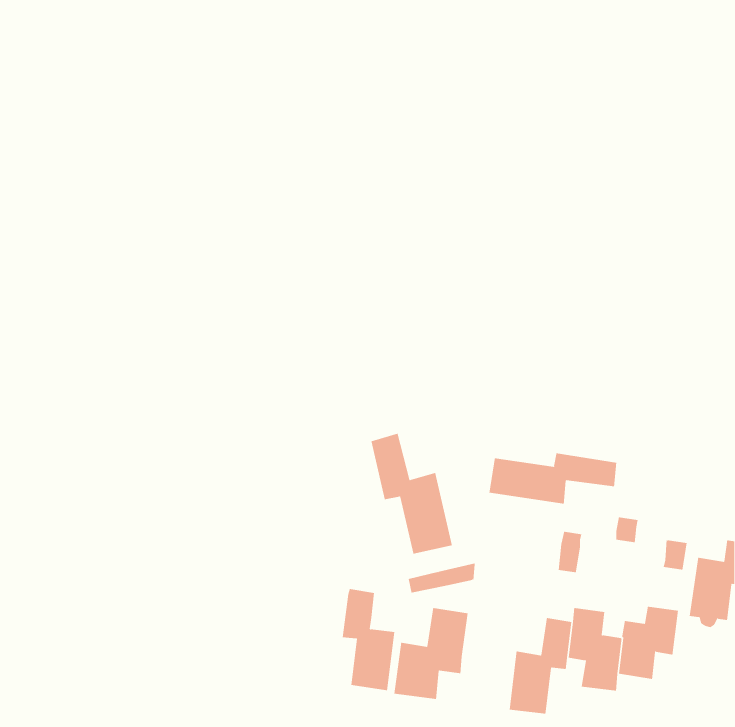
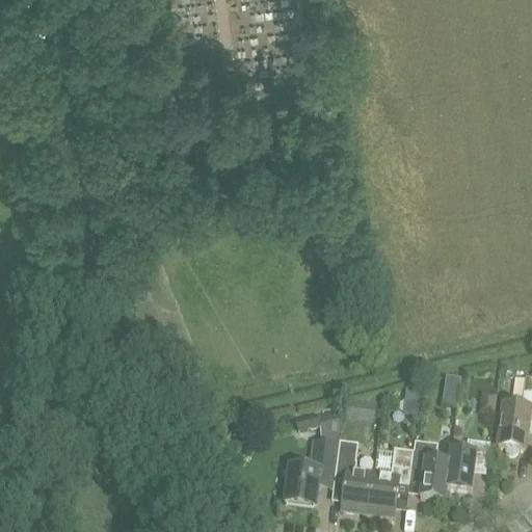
building: [371,433,453,555] -> none
building: [489,453,617,505] -> none
building: [342,589,395,691] -> [334,438,372,512]

